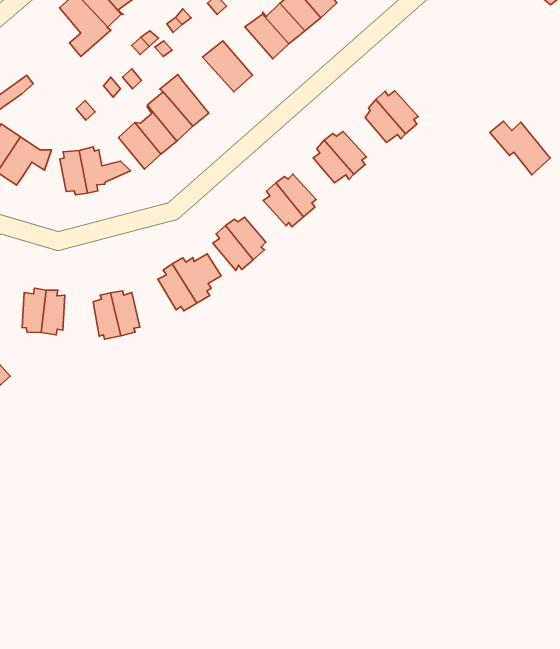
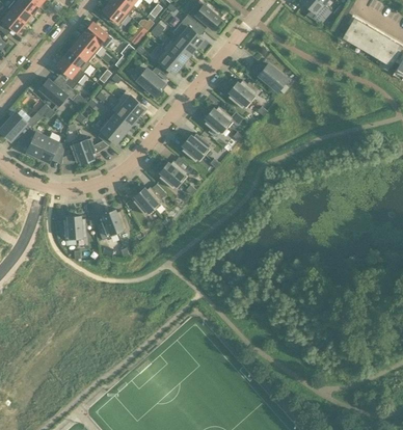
building: none -> [36,78,75,105]
building: [490,121,550,175] -> [251,63,286,90]

